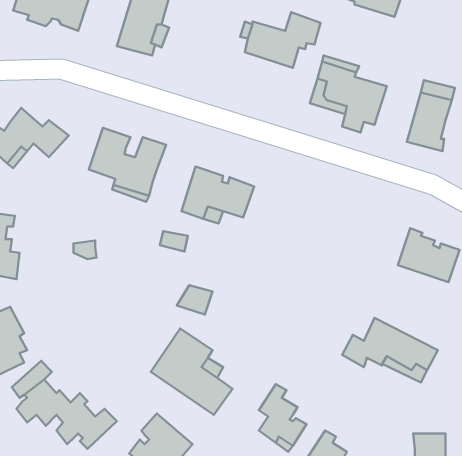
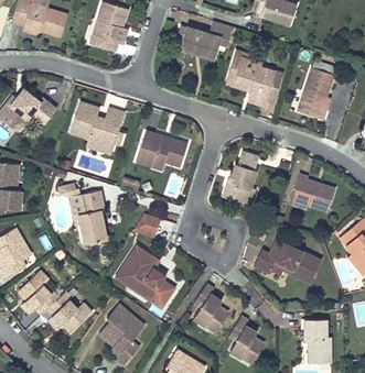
building: none -> [222,151,258,201]
building: none -> [78,190,106,244]

